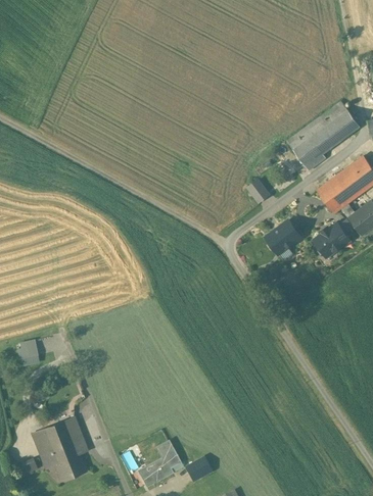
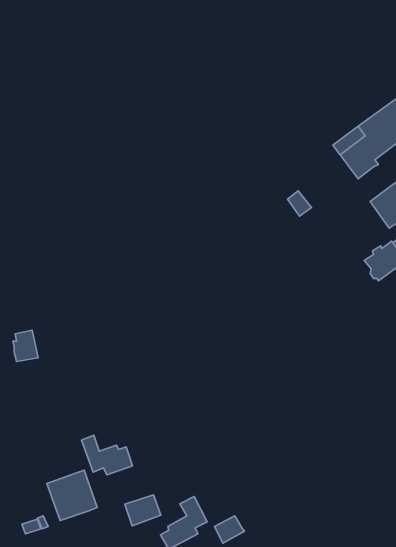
building: [266,219,299,252] -> none
building: [17,339,39,365] -> [13,330,38,361]
building: none -> [82,435,132,475]
building: [54,453,85,480] -> [125,495,161,526]

